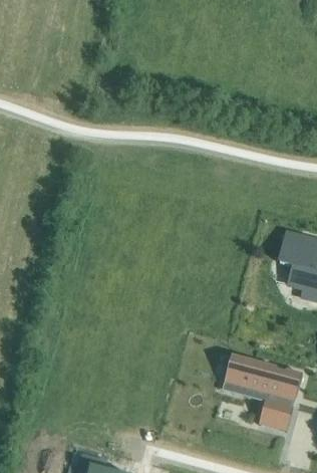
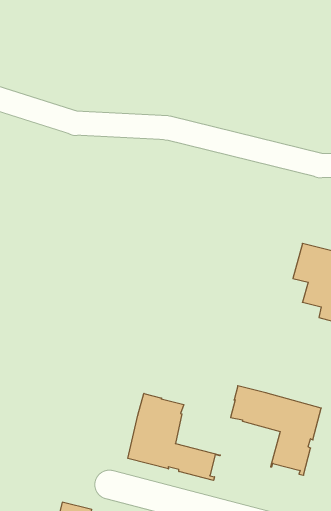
building: none -> [128,393,220,480]

